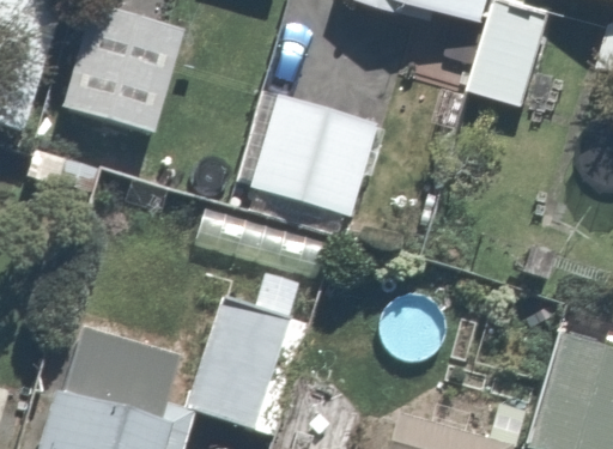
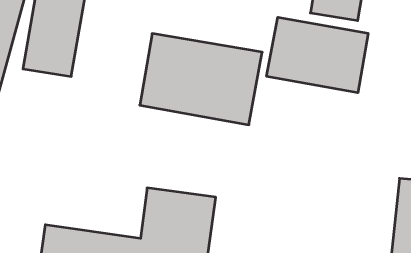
building: none -> [267,17,368,93]

